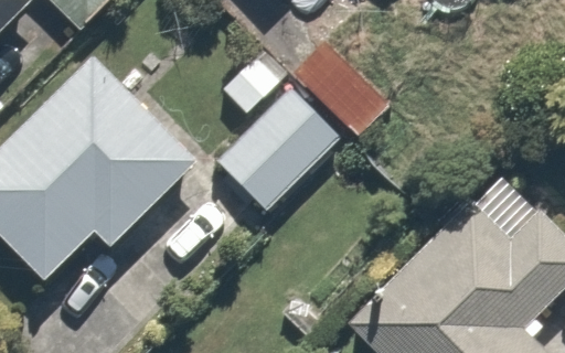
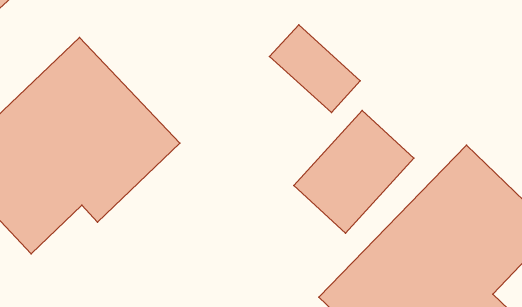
building: [214,83,340,211] -> [294,111,414,233]

